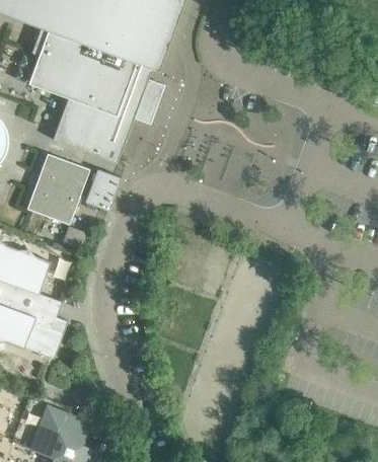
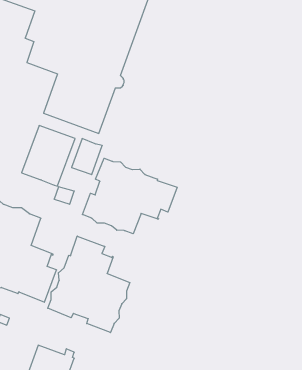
building: none -> [82,158,177,234]
building: none -> [48,236,130,333]

